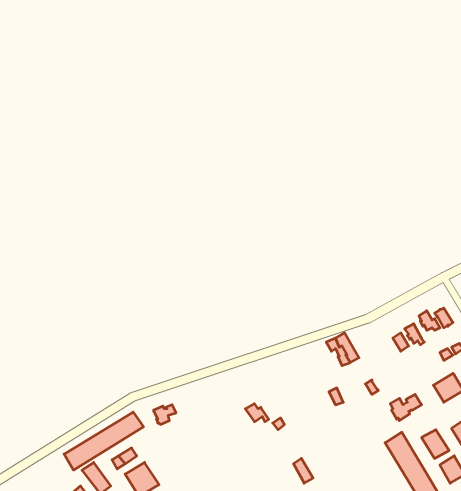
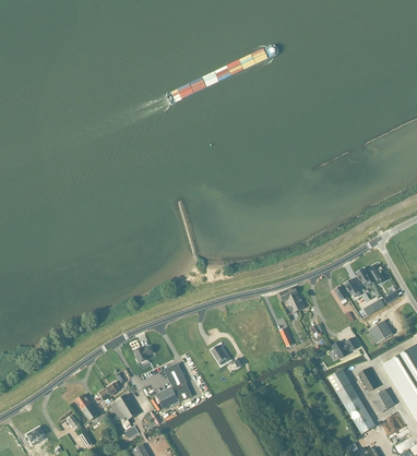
building: [64,412,143,470] -> none
building: none -> [156,364,192,408]

